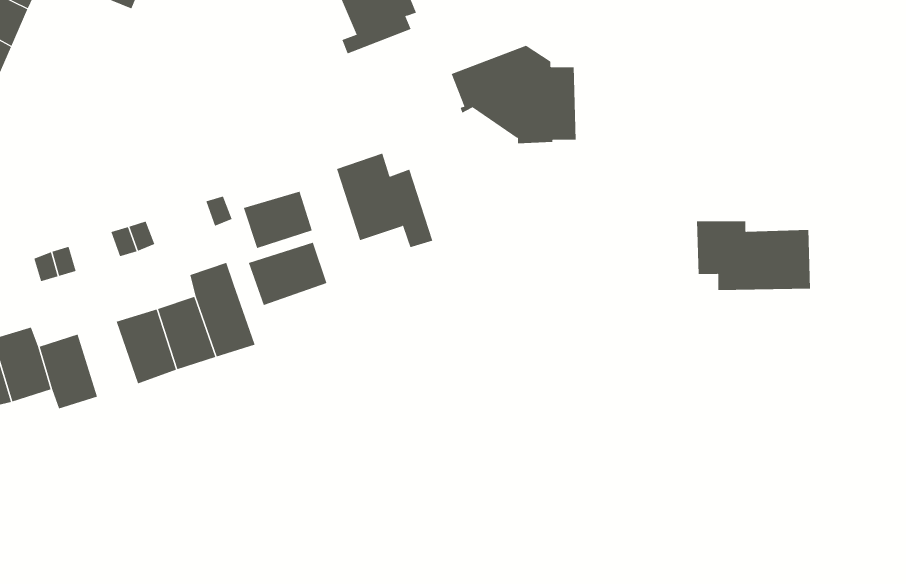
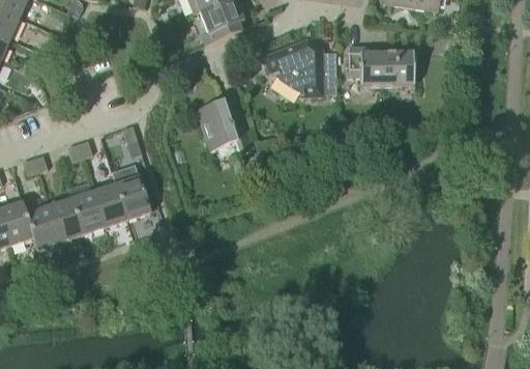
building: [243,191,313,249] -> none
building: [696,221,811,291] -> [347,46,413,86]
building: [248,242,327,306] -> none
building: none -> [48,198,82,242]

